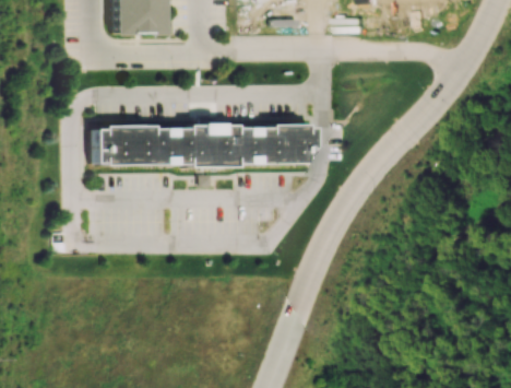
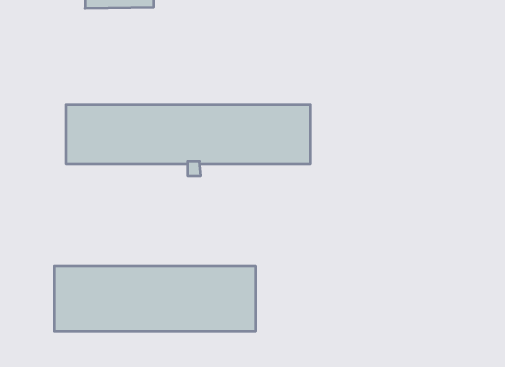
building: none -> [54,266,255,331]

